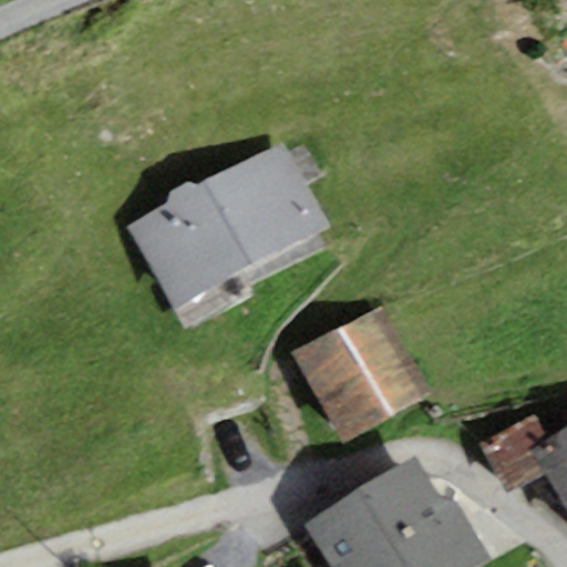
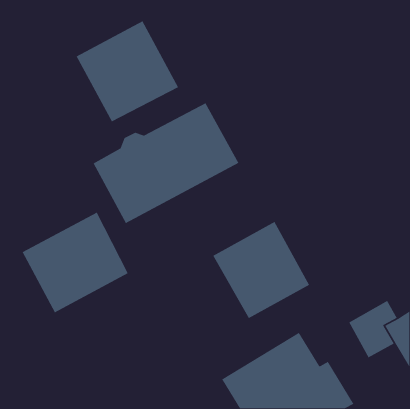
building: none -> [76,20,179,122]
building: none -> [21,212,129,313]

